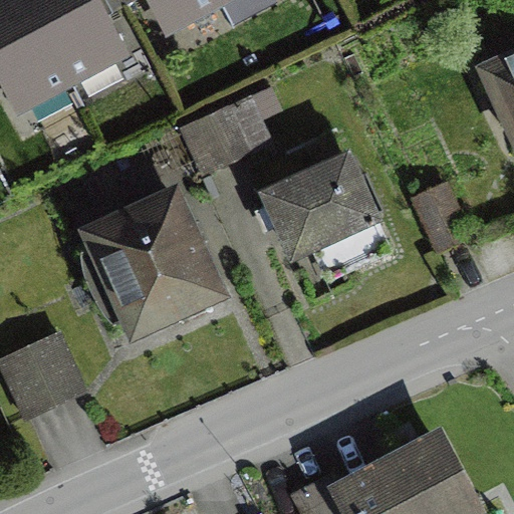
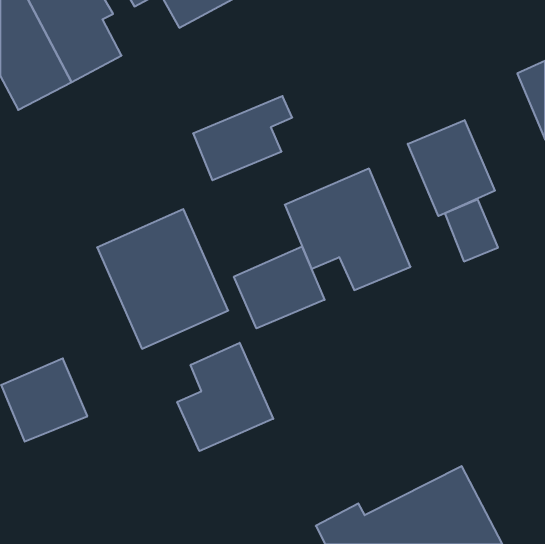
building: none -> [408,120,495,216]
building: none -> [234,247,325,328]
building: none -> [177,343,273,451]

